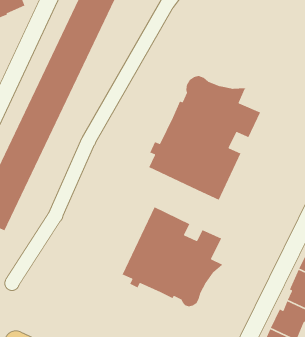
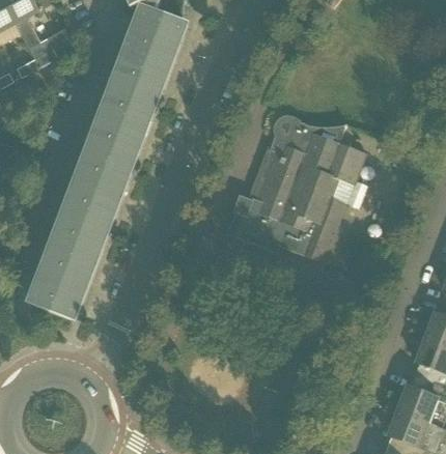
building: [122,206,224,307] -> none

